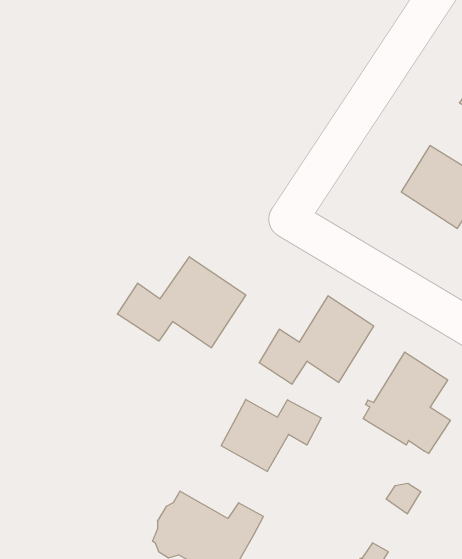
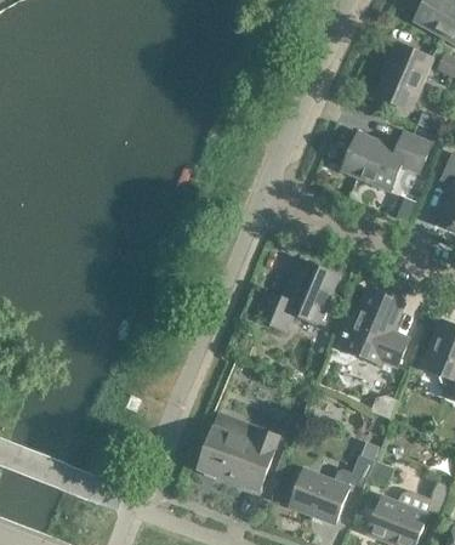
building: [117,257,246,348] -> none
building: [221,399,321,471] -> none

